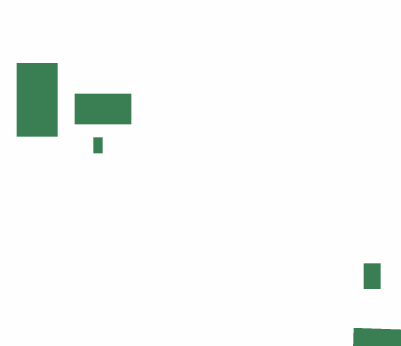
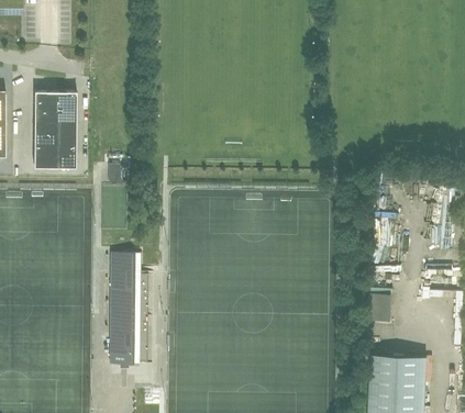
building: [74,93,132,125] -> none
building: none -> [109,254,150,366]

